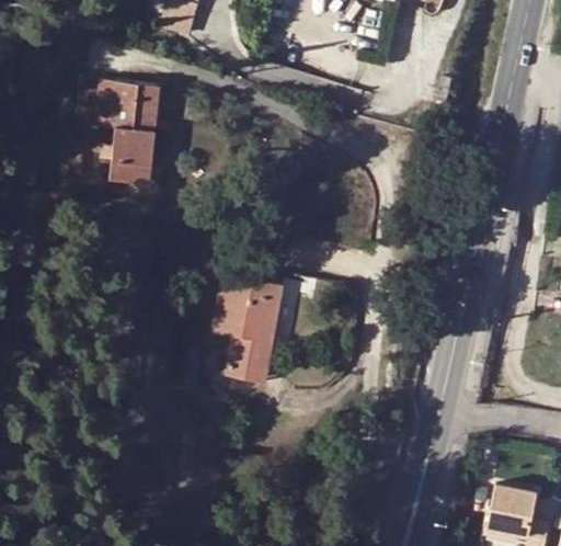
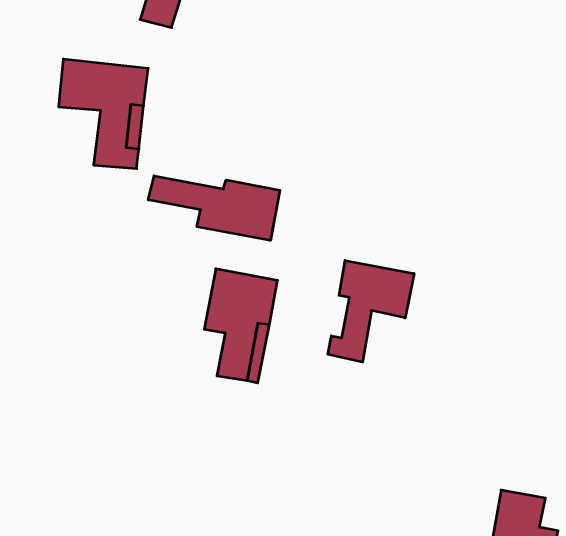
building: none -> [148,176,280,240]
building: none -> [328,260,414,362]

